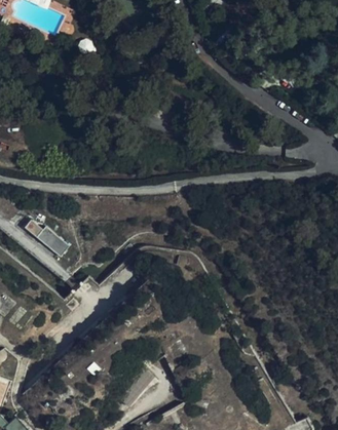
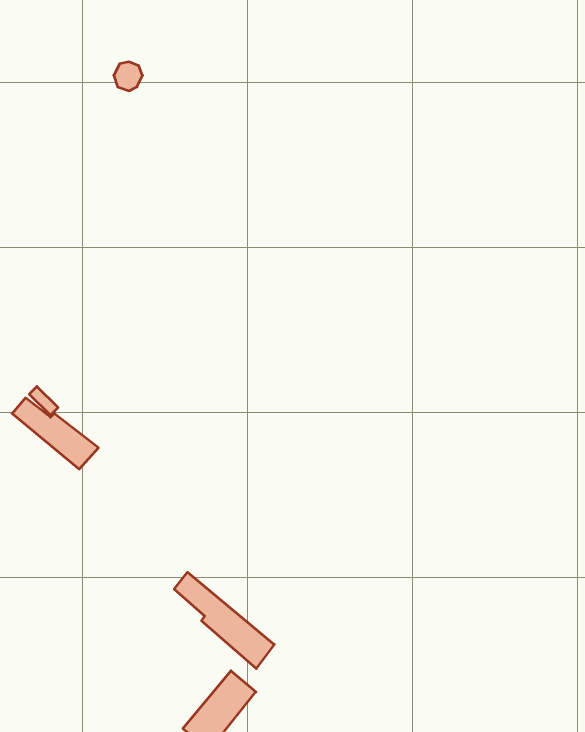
building: none -> [174,572,274,669]

